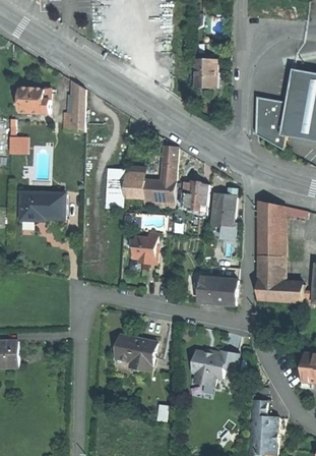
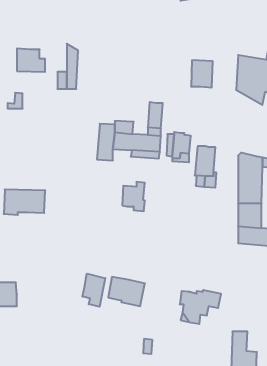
building: [192,58,215,88] -> [191,60,213,88]
building: [17,192,62,220] -> [4,189,45,215]
building: [198,276,237,304] -> none
building: none -> [82,274,105,307]

